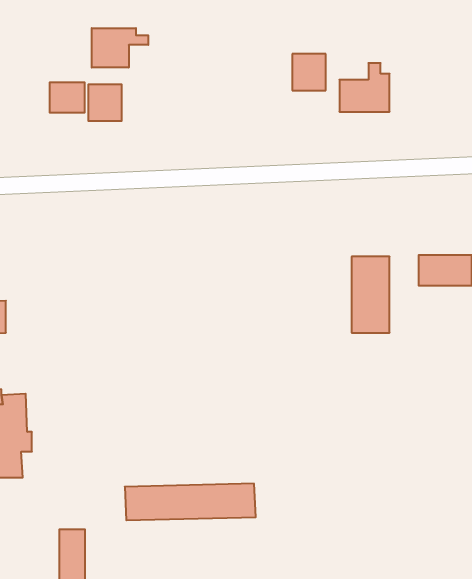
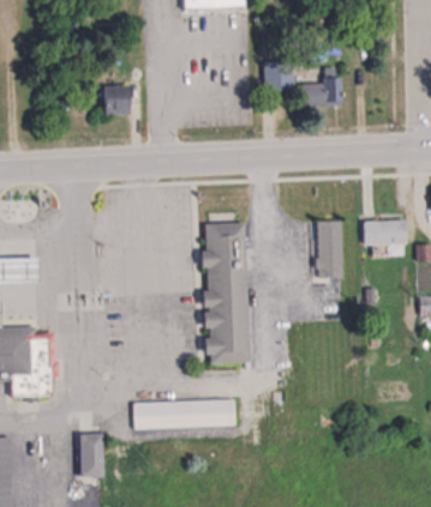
building: [92,28,148,68] -> none
building: [50,82,85,113] -> none
building: none -> [203,222,251,363]

